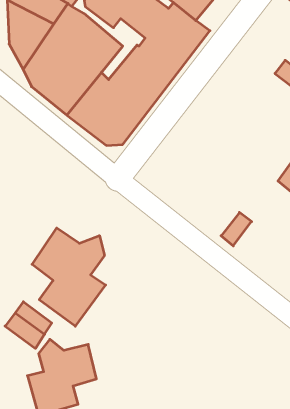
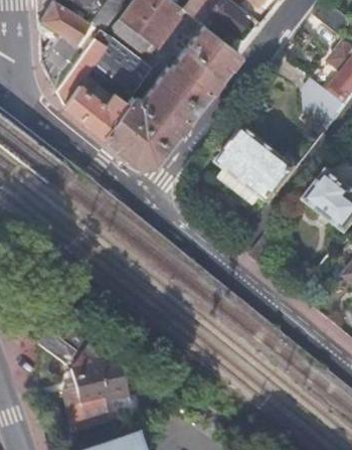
building: none -> [220,130,301,208]
building: [32,228,106,326] -> none

